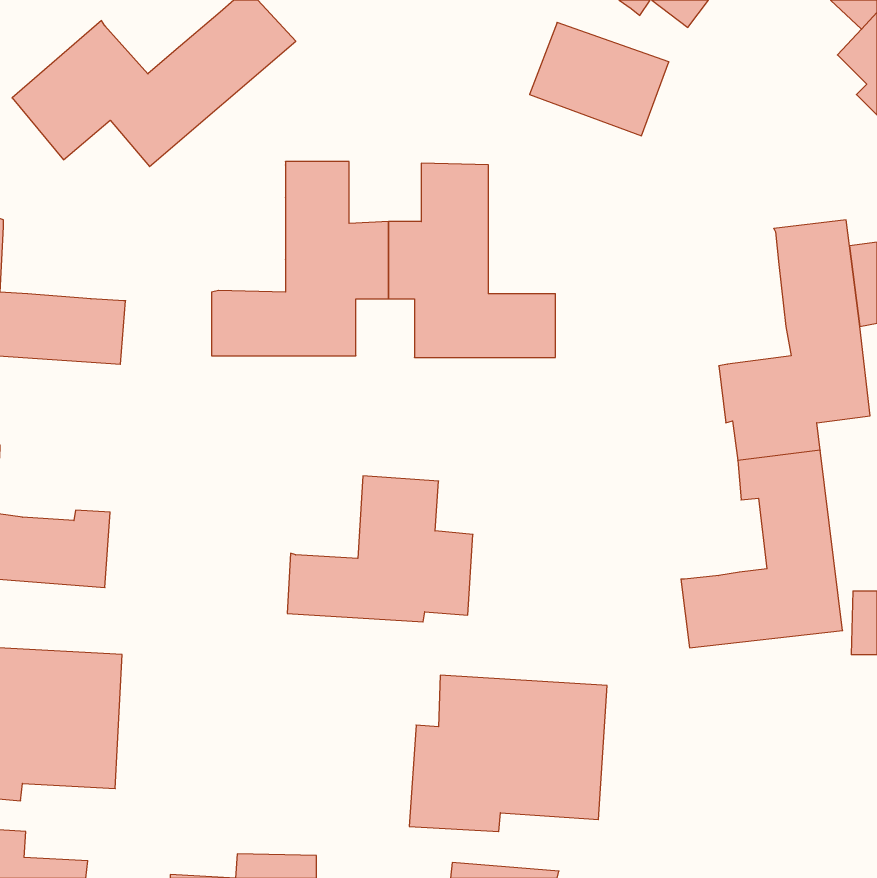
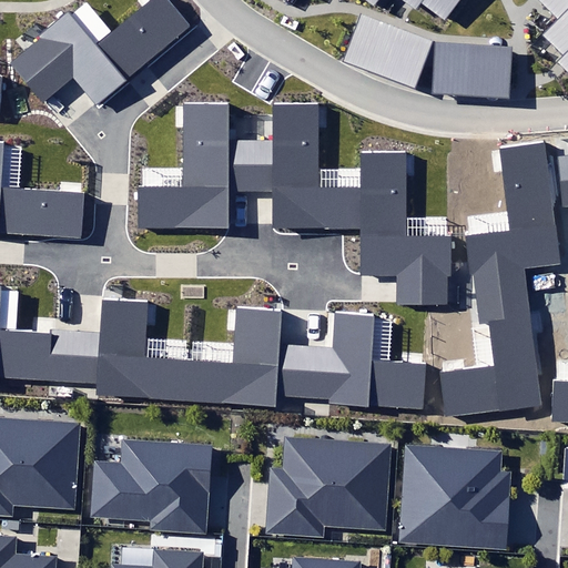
building: none -> [432,43,513,97]
building: none -> [358,152,450,304]
building: none -> [68,296,187,396]
building: none -> [302,311,425,409]
building: none -> [91,439,212,534]
building: none -> [397,445,510,548]

